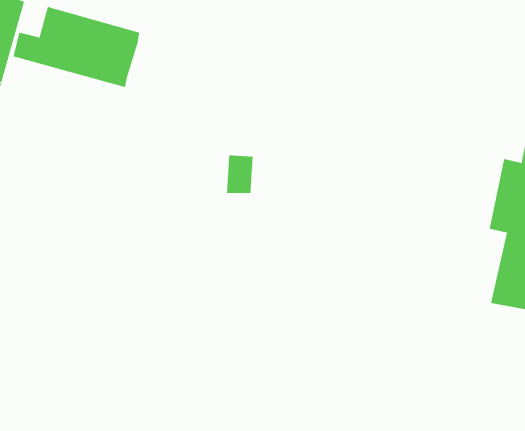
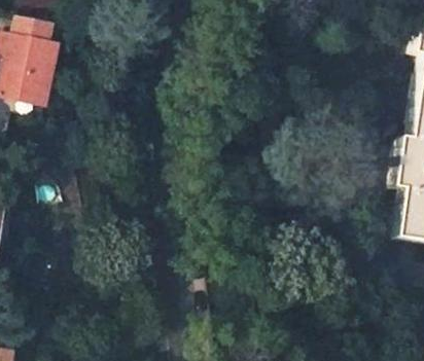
building: [13,6,140,88] -> none

